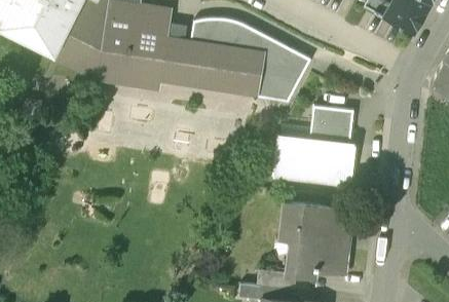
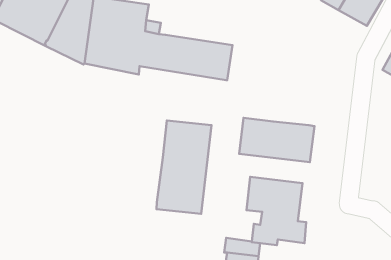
building: [189,18,310,103] -> none
building: [309,105,353,144] -> none
building: none -> [156,121,211,214]

